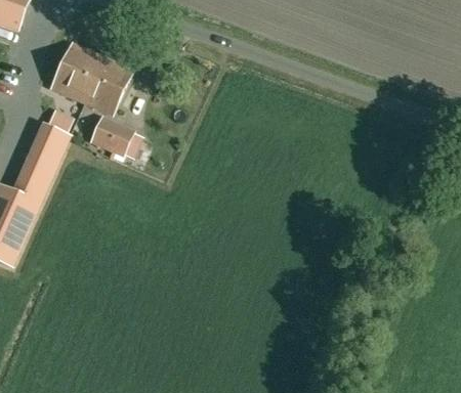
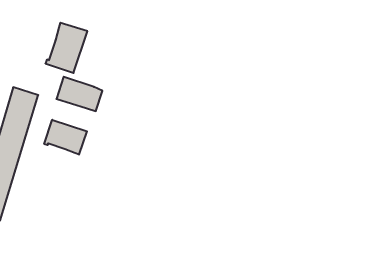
building: [50,42,101,99] -> none
building: none -> [44,120,87,155]

